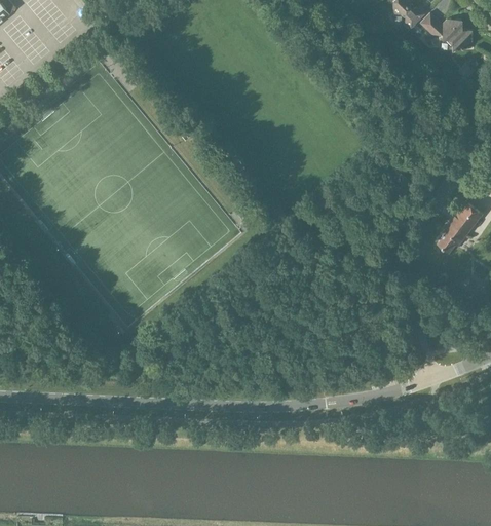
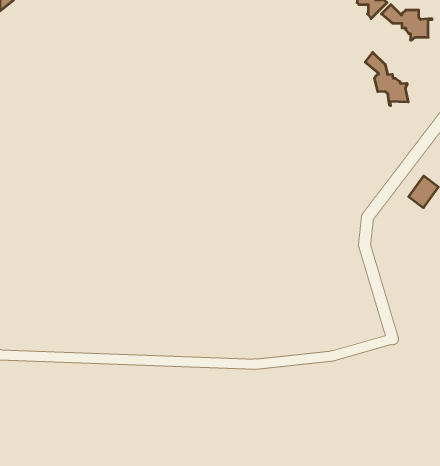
building: none -> [365,52,408,106]
building: [439,223,467,252] -> none

